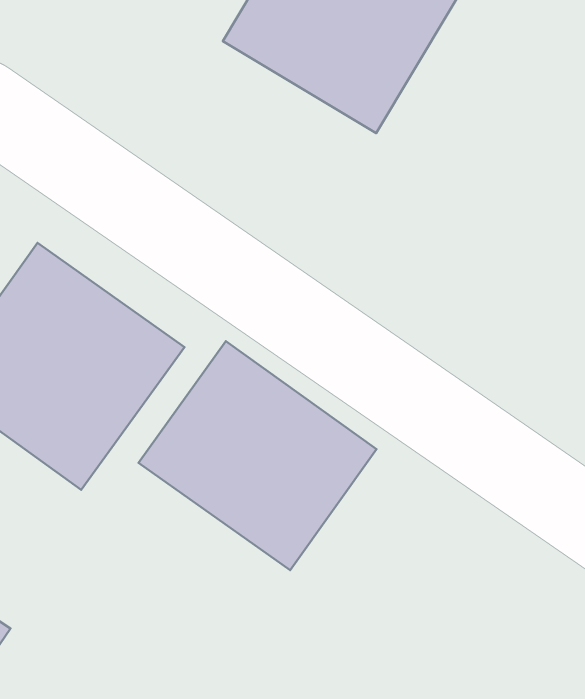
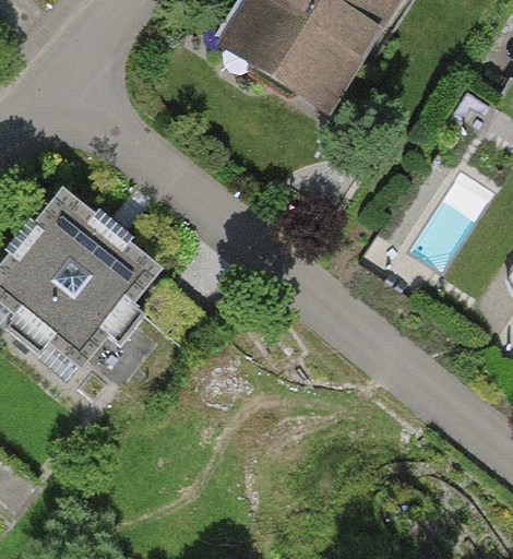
building: [139,341,376,570] -> none

